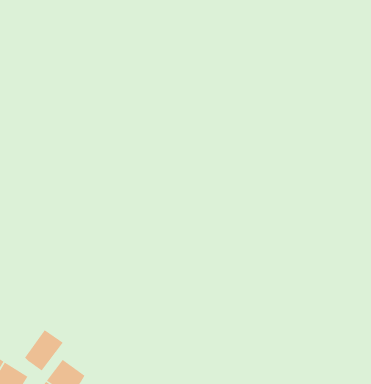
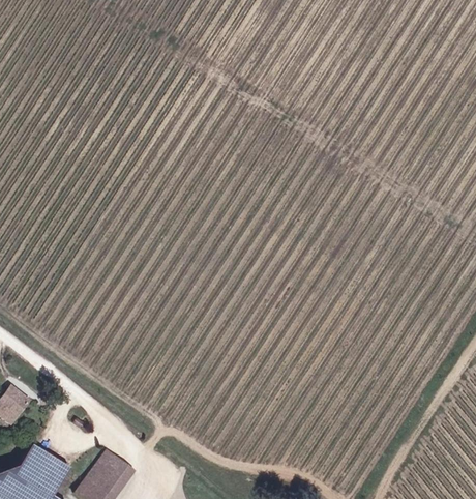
building: [24,329,64,372] -> none

